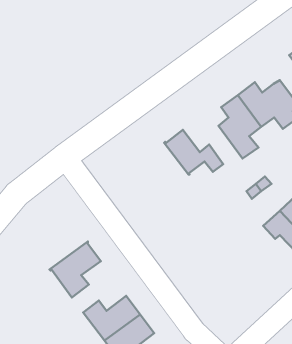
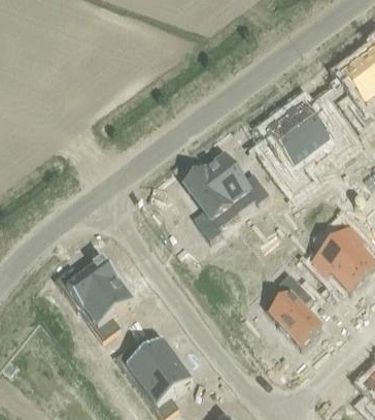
building: none -> [184,167,231,237]
building: none -> [55,256,120,308]
building: none -> [271,274,321,343]

